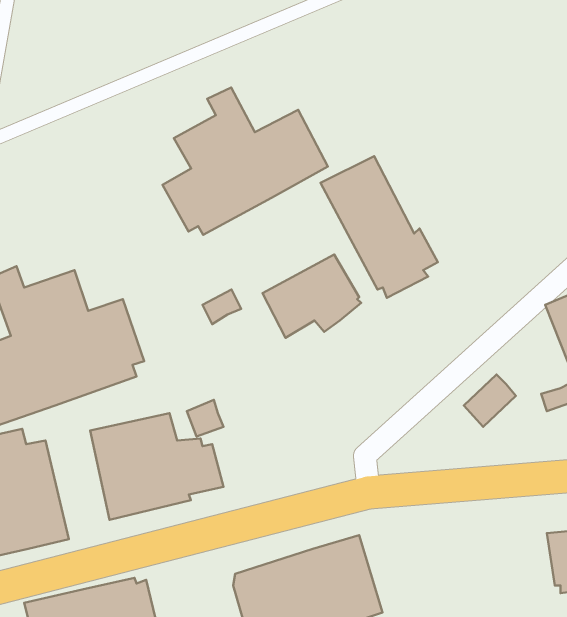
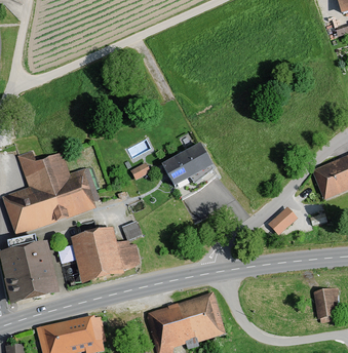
building: [163,88,328,235] -> none
building: [321,156,438,298] -> none

